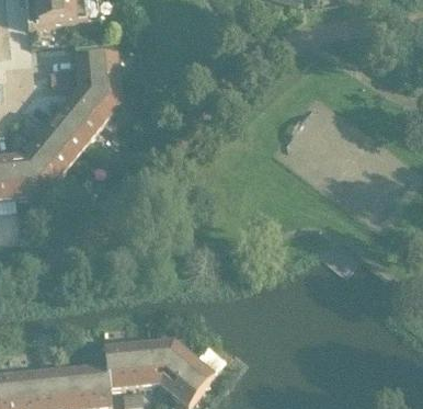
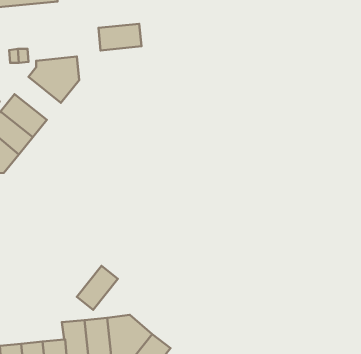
building: [76,52,119,79] -> [98,24,141,51]
building: [56,95,103,139] -> none
building: none -> [77,266,118,310]

